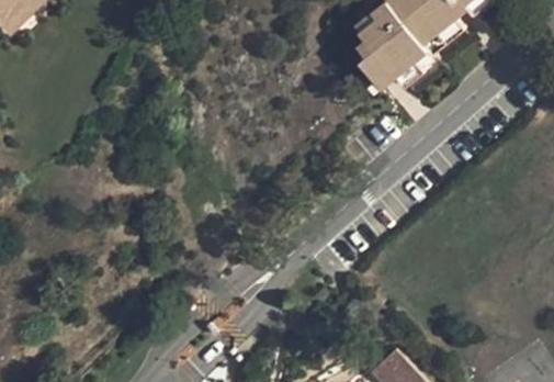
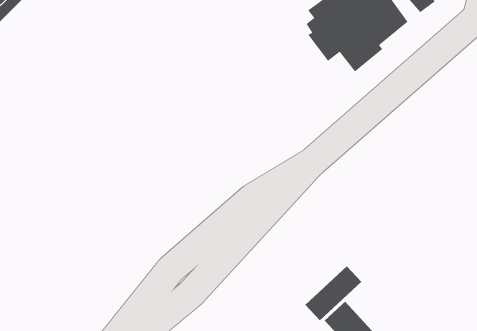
building: none -> [305,266,362,321]

